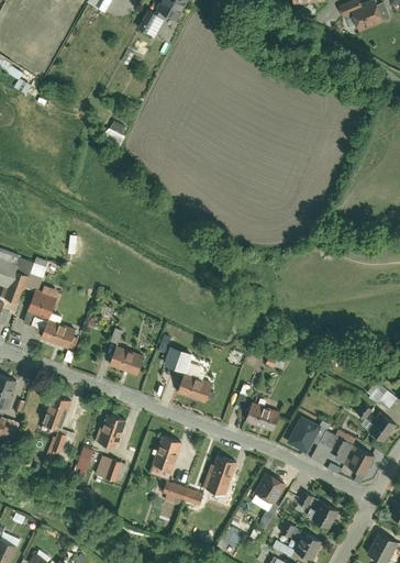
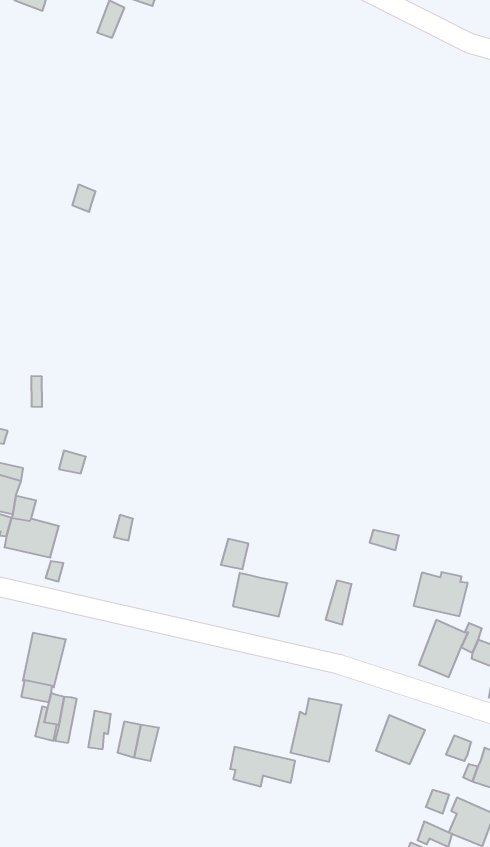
building: [109,346,144,377] -> none
building: [245,402,280,432] -> [414,572,468,616]
building: [95,413,126,450] -> none
building: [151,435,182,474] -> none

